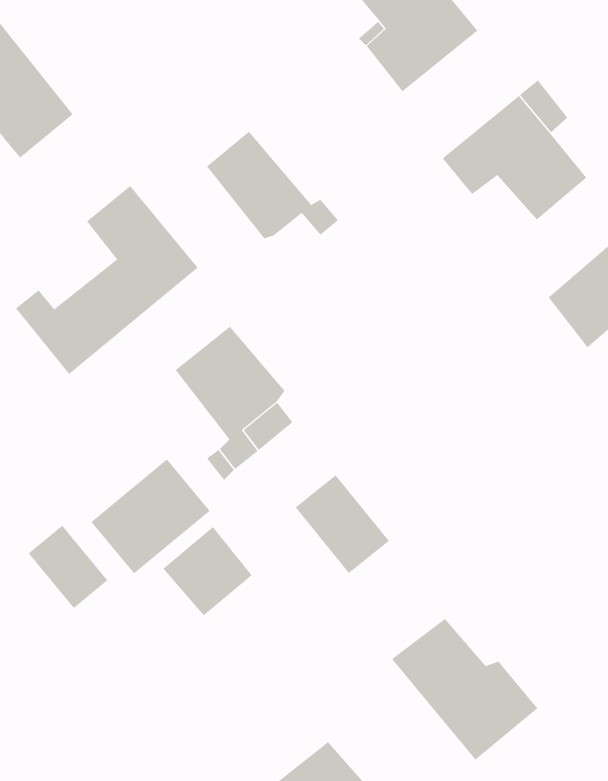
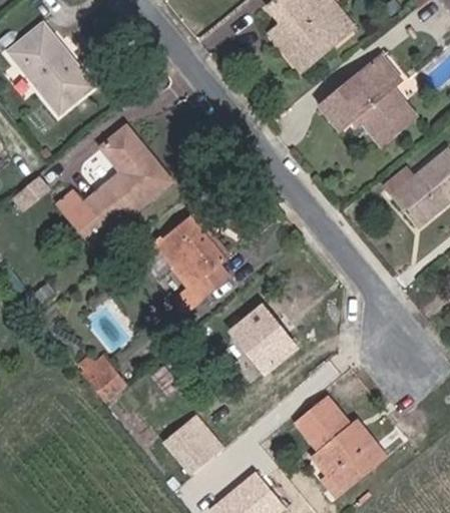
building: [206,131,339,239] -> none
building: [91,459,210,574] -> none
building: [162,526,253,616] -> [163,418,220,475]

